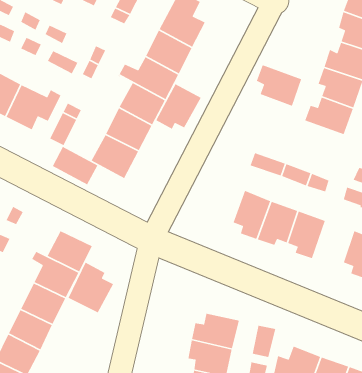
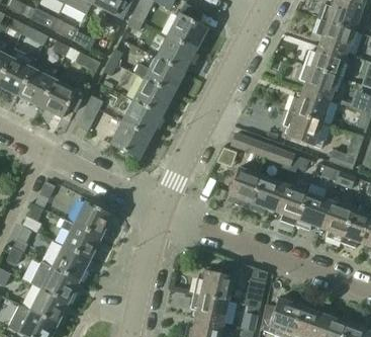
building: [256,64,302,107] -> [283,110,321,146]
building: [155,83,202,130] -> none
building: [37,146,99,185] -> none
building: none -> [295,193,330,231]
building: [67,262,114,314] -> none

